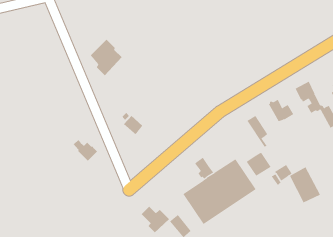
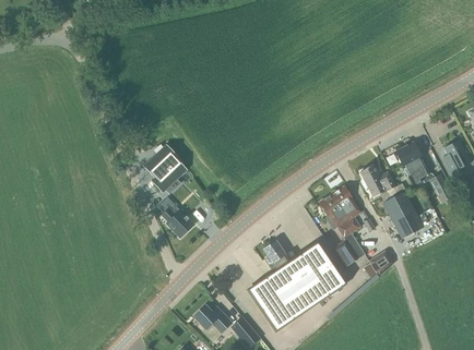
building: [90,39,122,76] -> [141,144,183,193]
building: none -> [318,194,354,239]
building: [73,139,98,162] -> [159,208,192,238]
building: [289,167,321,203] -> [381,191,423,239]

